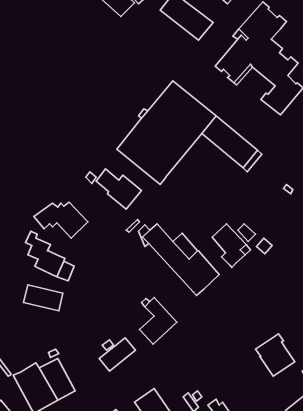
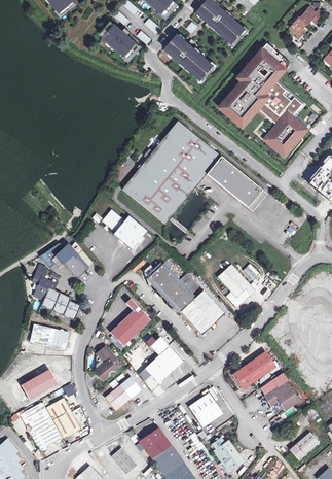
building: none -> [110,299,150,347]
building: none -> [95,346,120,381]
building: none -> [233,352,275,388]
building: none -> [19,365,58,400]
building: none -> [188,392,223,427]

